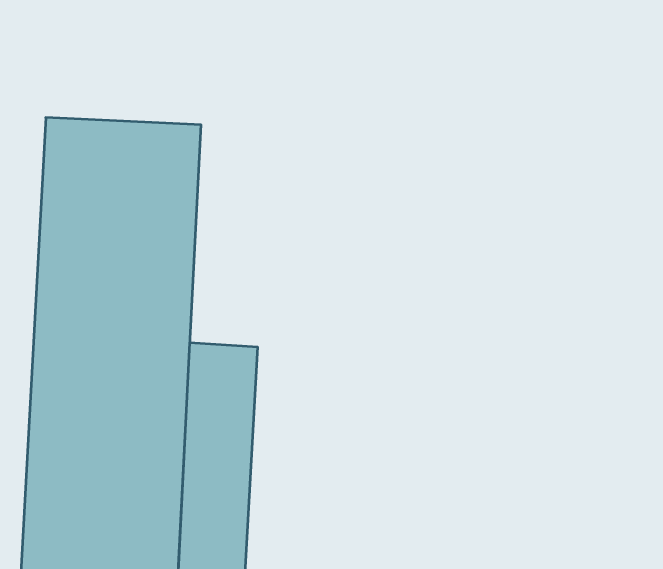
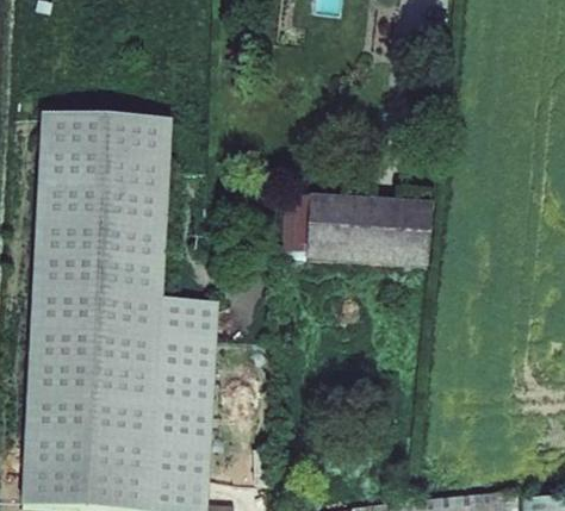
building: none -> [282,195,429,266]

